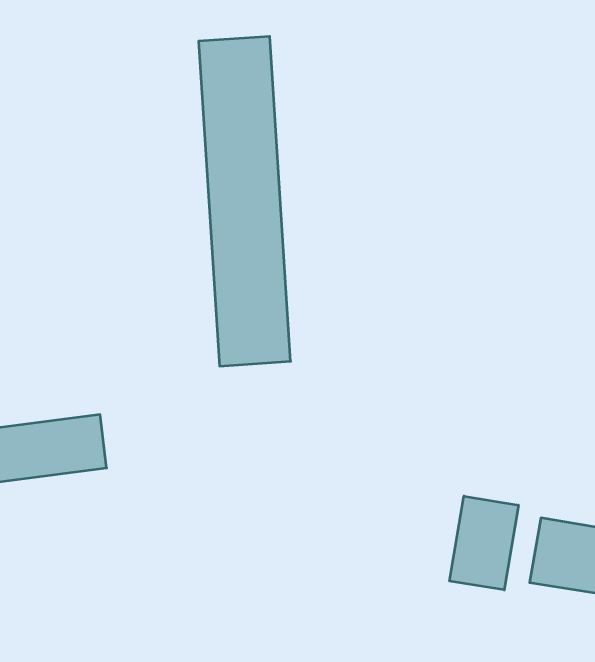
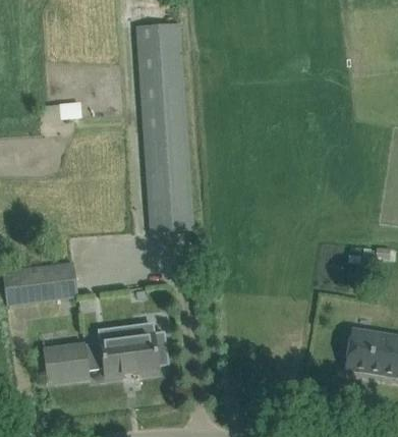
building: [450,496,518,590] -> none
building: none -> [45,325,169,381]

